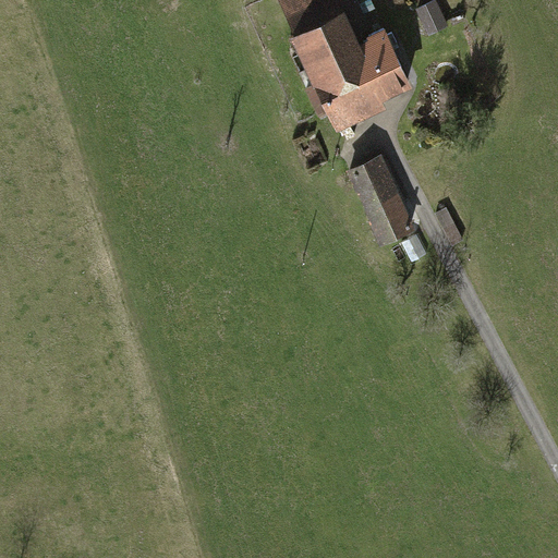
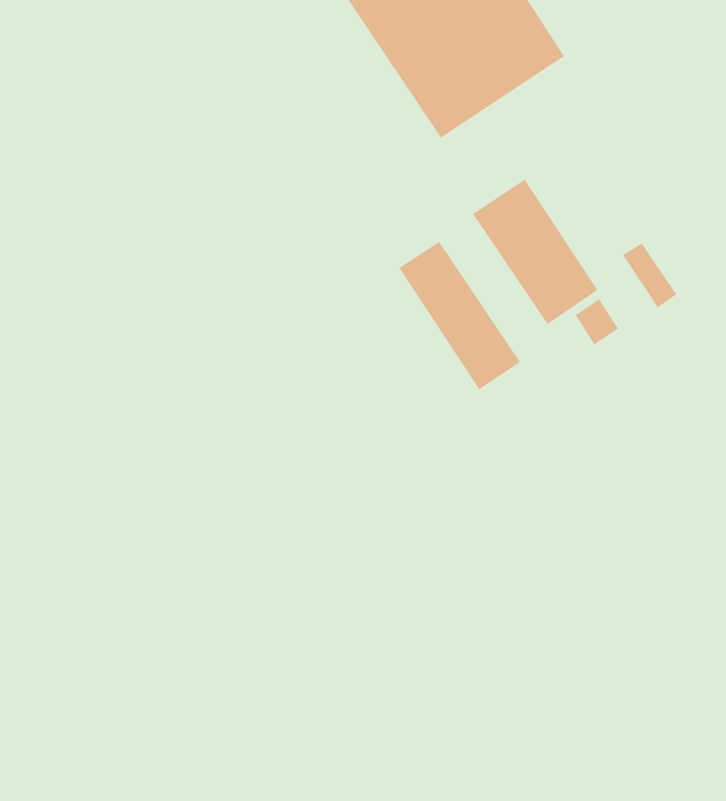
building: none -> [398,241,521,390]

